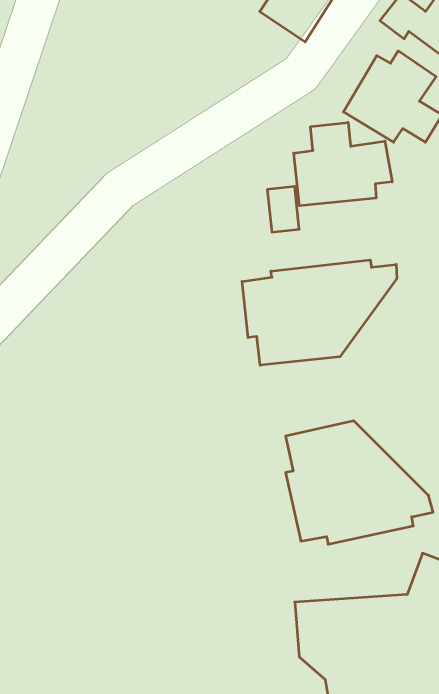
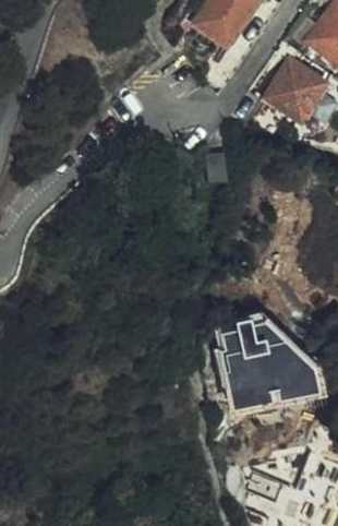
building: [294,122,392,206] -> none
building: [242,260,397,365] -> none

